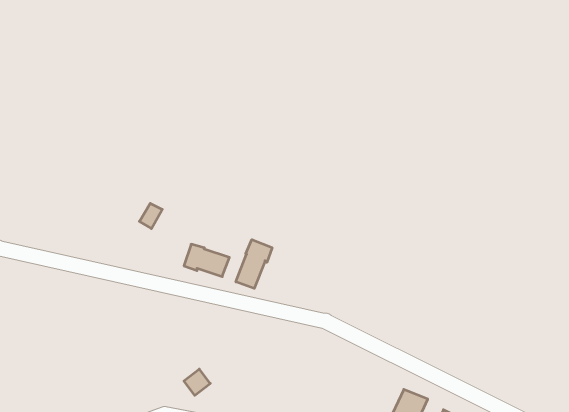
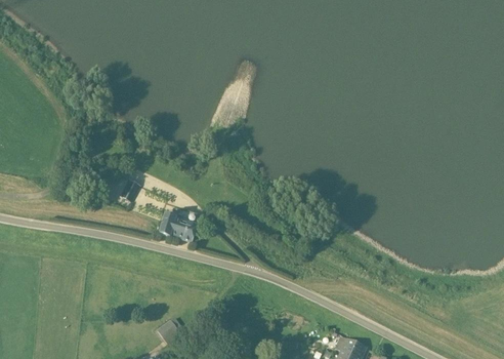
building: [236,240,272,288] -> none

